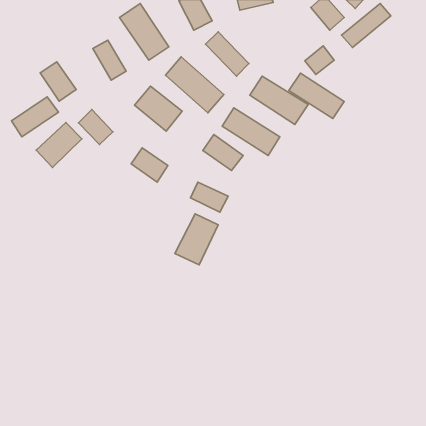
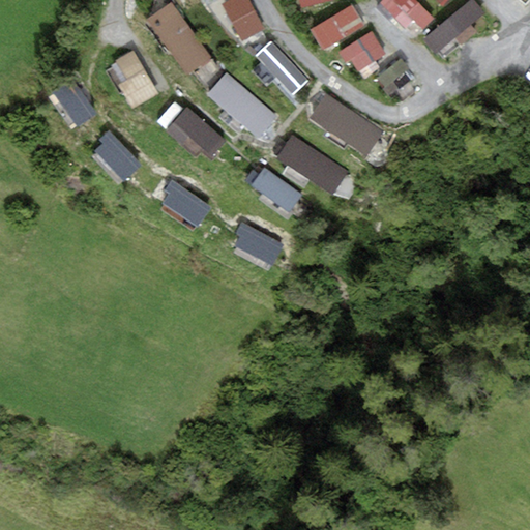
building: none -> [312,5,363,48]
building: none -> [345,30,385,68]
building: [289,73,344,119] -> none
building: [12,97,58,137] -> none
building: [36,122,82,167] -> none
building: [175,214,218,265] -> none

